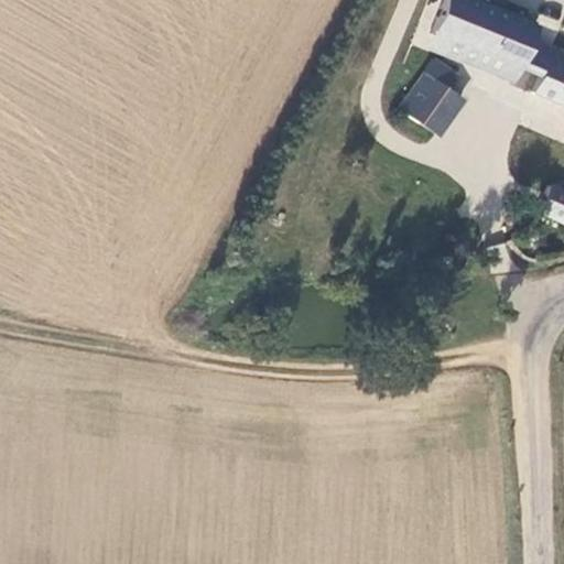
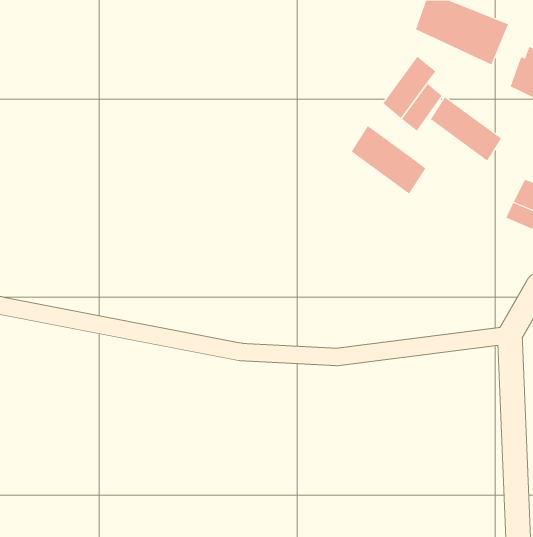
building: none -> [430,97,502,161]
building: none -> [351,125,426,194]

